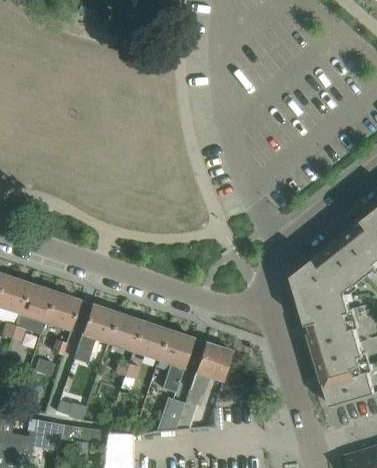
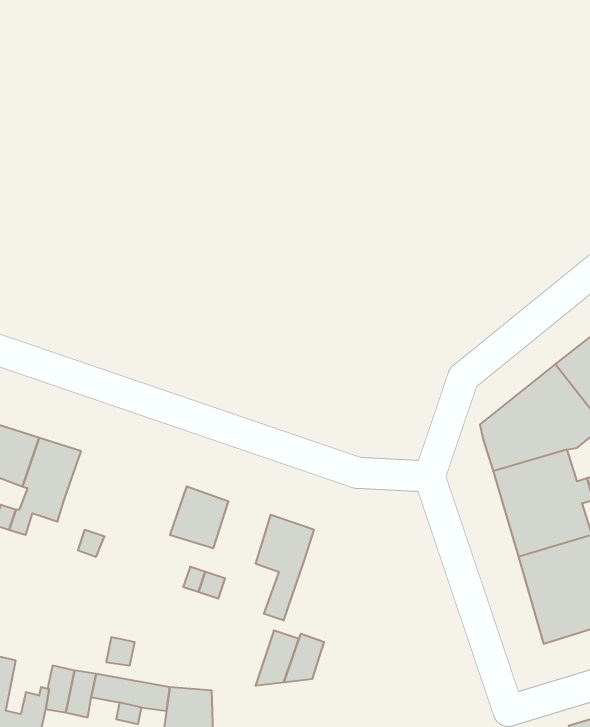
building: [43,291,79,329] -> none
building: [72,304,116,363] -> none
building: [132,321,166,358] -> none
building: [188,342,231,394] -> none

